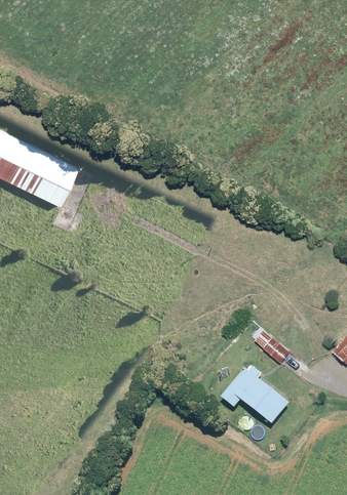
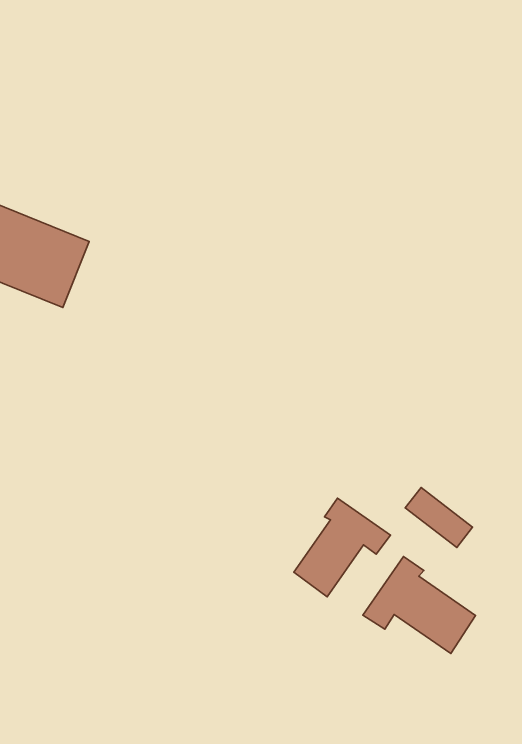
building: none -> [294,498,391,597]

